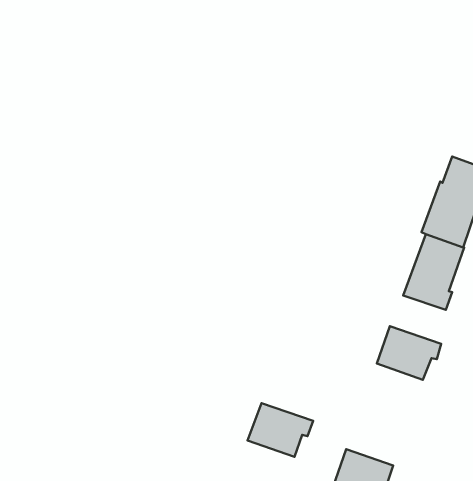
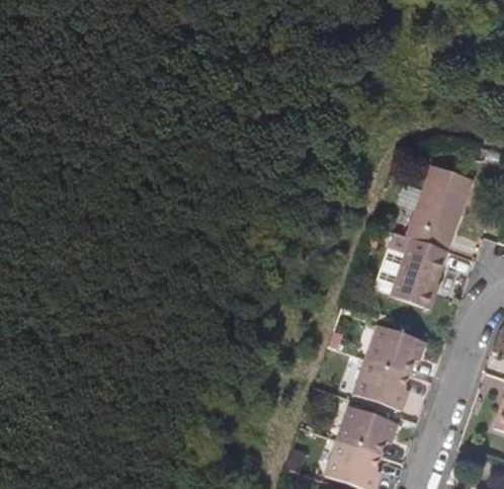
building: none -> [353,358,408,411]
building: [247,403,313,457] -> [337,403,398,453]

